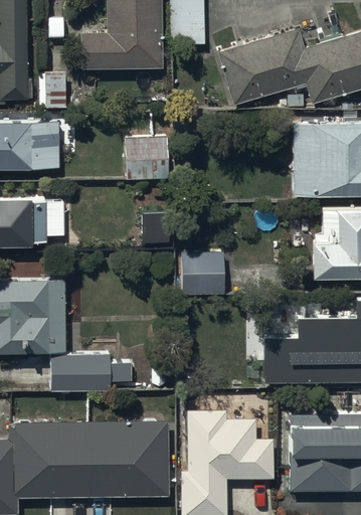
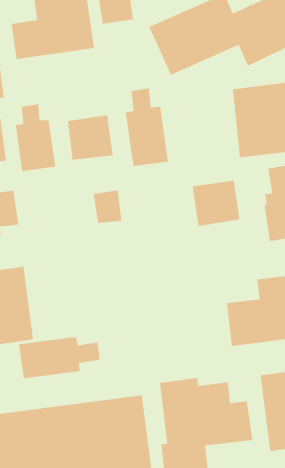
building: none -> [125,88,168,167]
building: none -> [15,104,56,172]
building: [180,252,224,295] -> [192,180,240,227]

